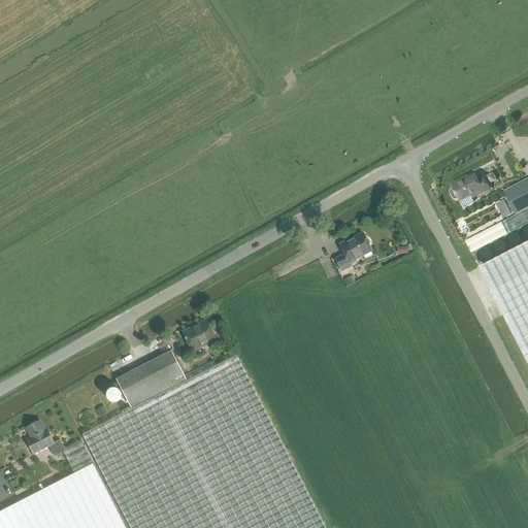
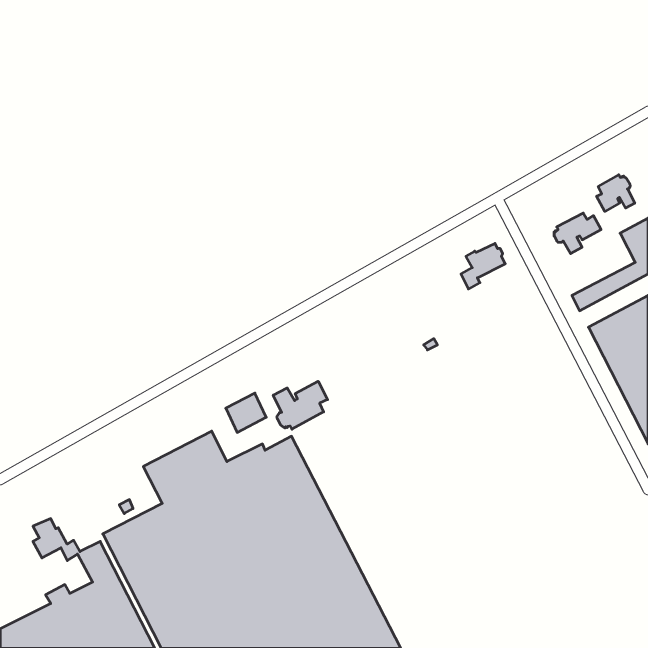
building: none -> [597,175,635,211]
building: [336,234,372,271] -> [461,243,505,289]
building: none -> [273,381,328,429]

